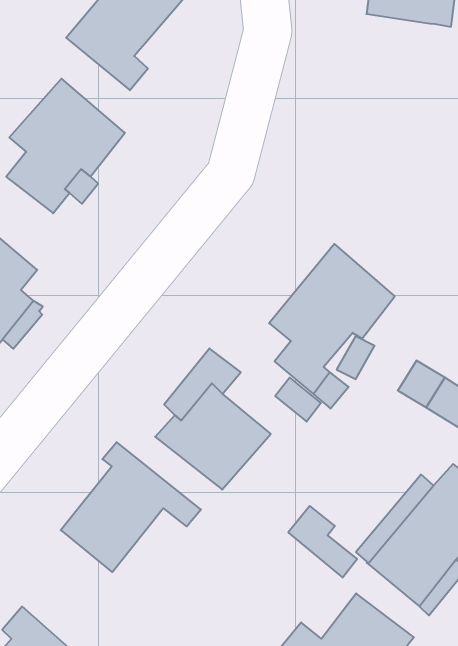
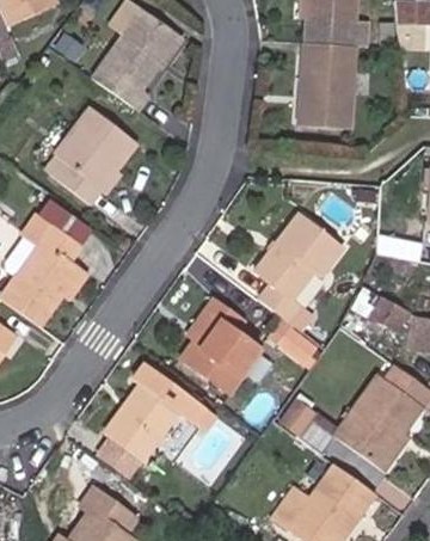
building: none -> [300,42,354,130]
building: none -> [99,432,153,480]

